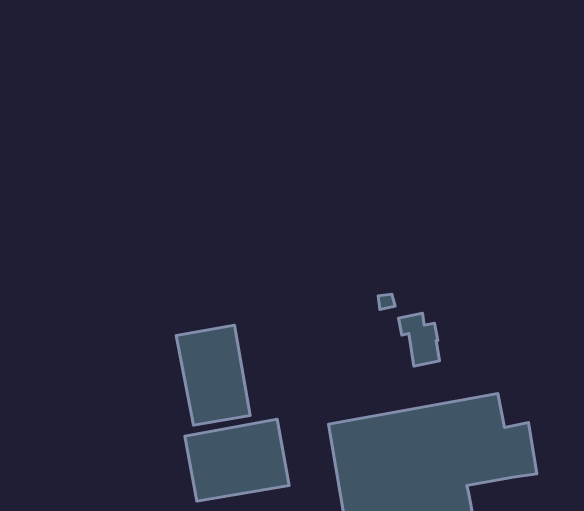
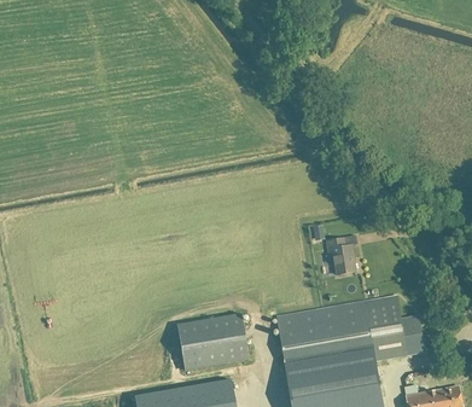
building: [176,325,250,425] -> none

